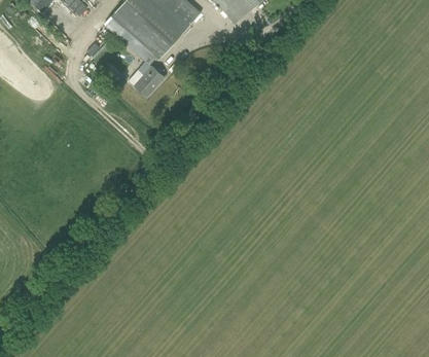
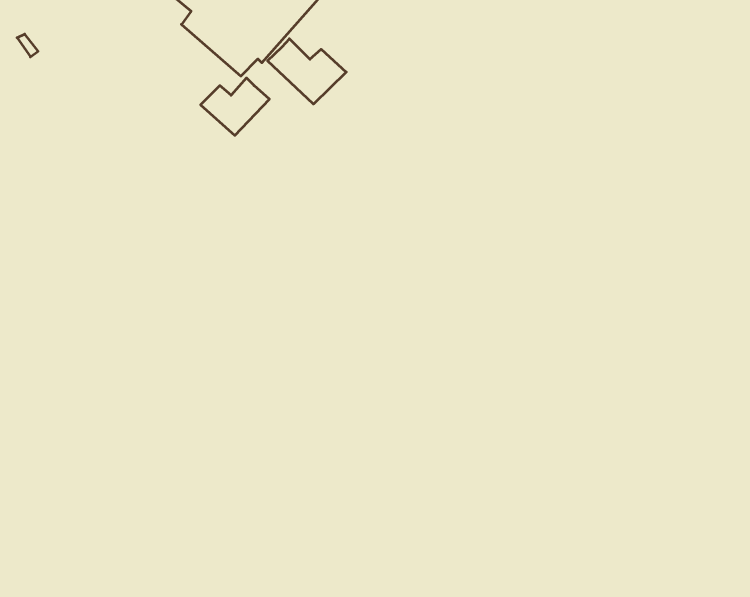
building: none -> [268,39,346,104]

